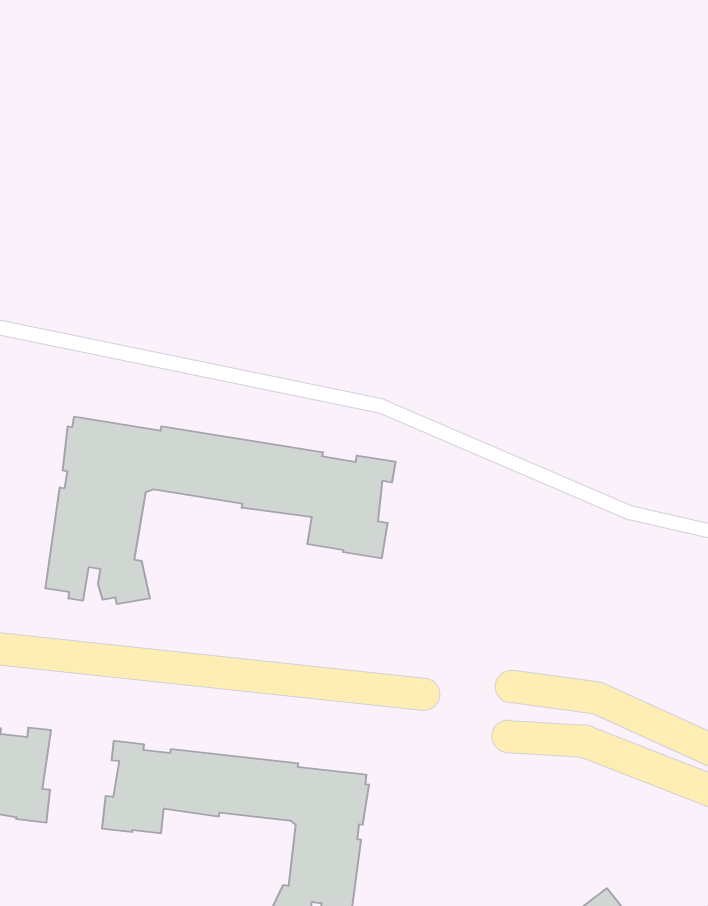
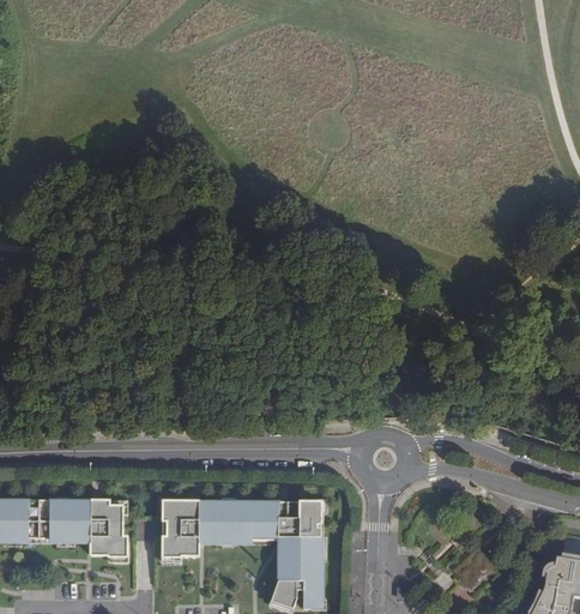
building: [45,417,395,604] -> none

